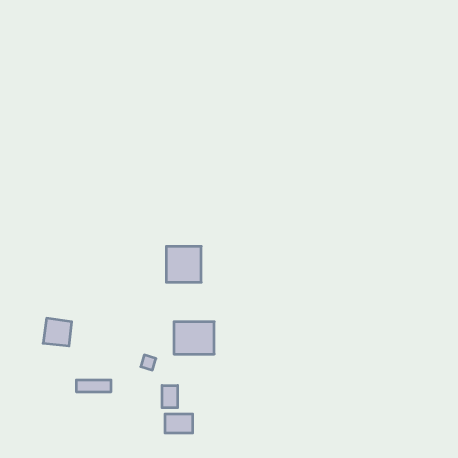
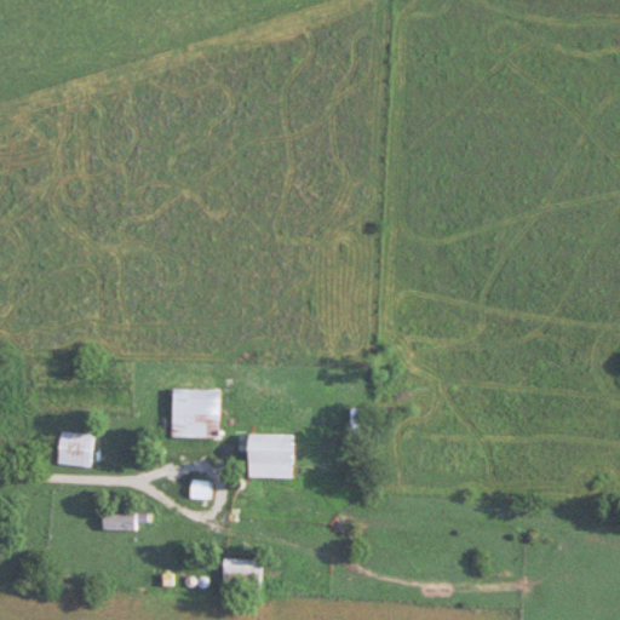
building: [166,246,201,282] -> [172,389,219,437]
building: [162,385,178,408] -> none

